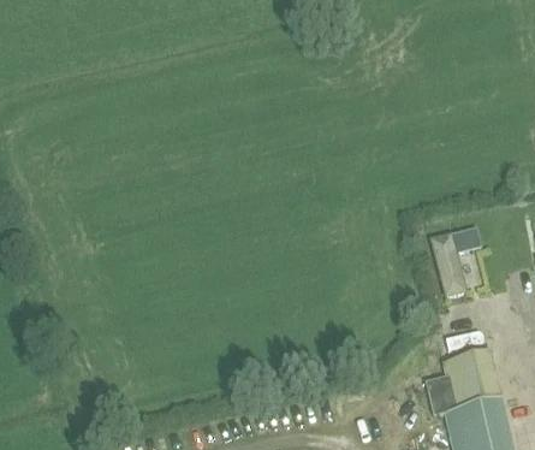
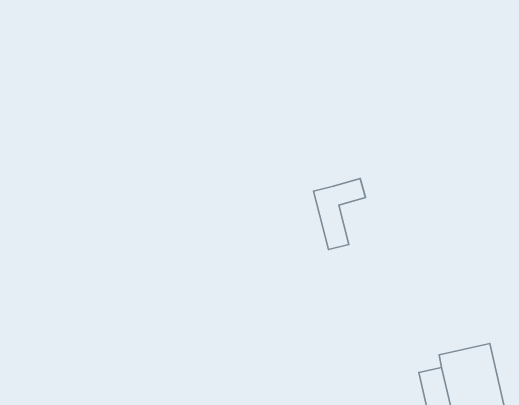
building: [433,229,482,296] -> [313,179,365,250]

